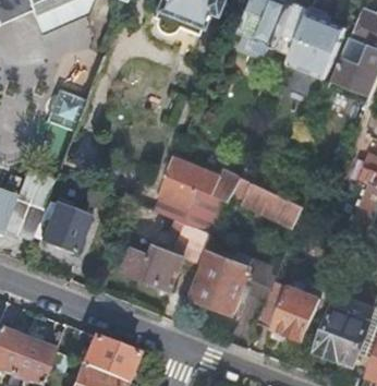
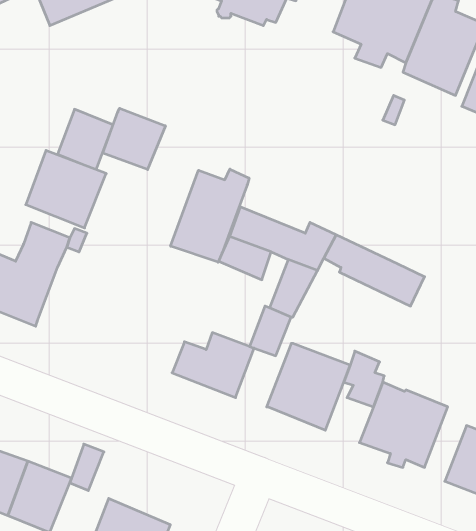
building: none -> [103,108,165,170]
building: none -> [171,169,249,262]
building: [31,198,87,253] -> [26,150,106,228]
building: [81,334,135,379] -> none

